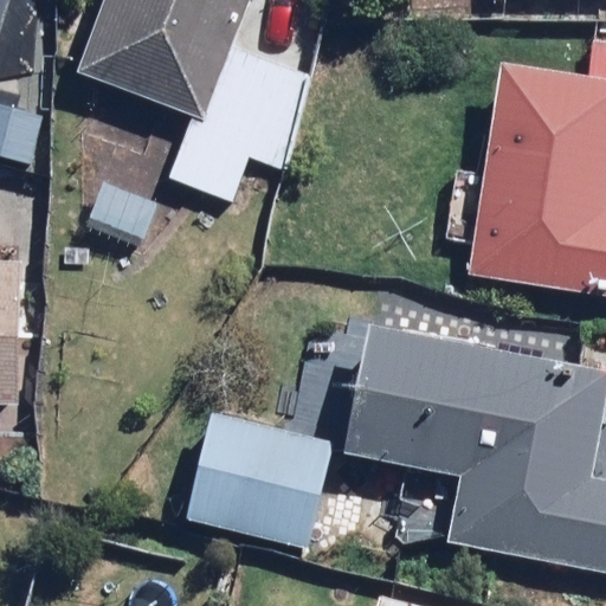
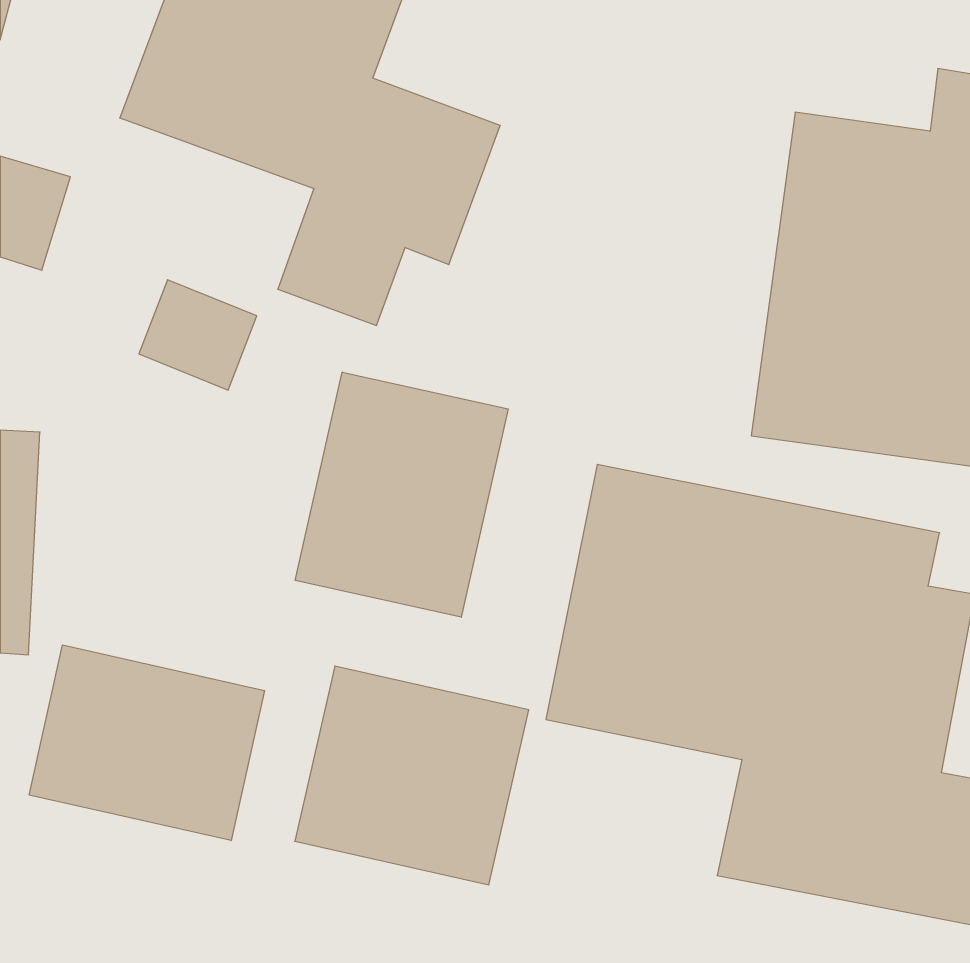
building: none -> [295,372,508,617]
building: none -> [29,645,264,841]

